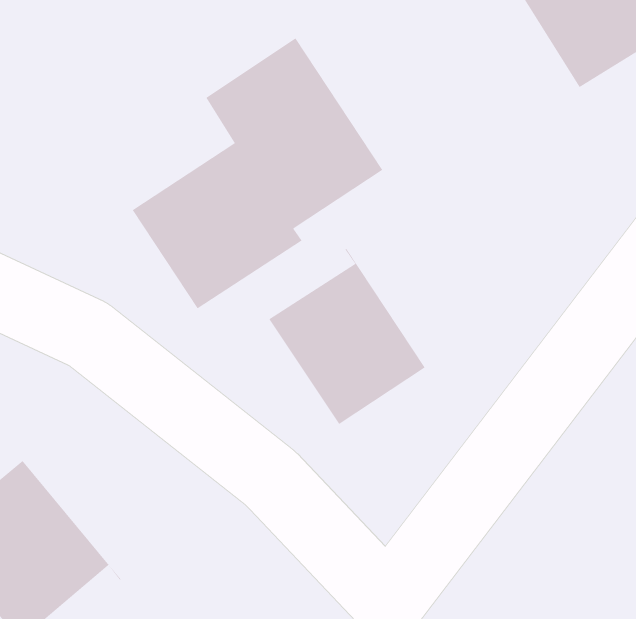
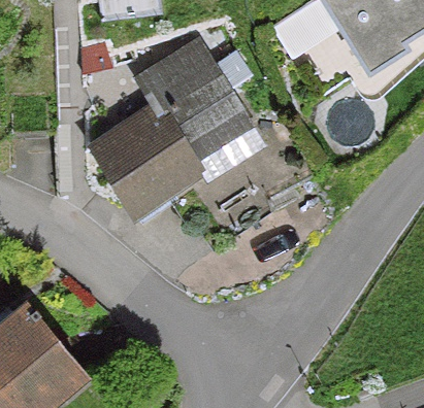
building: [269,248,426,425] -> none

